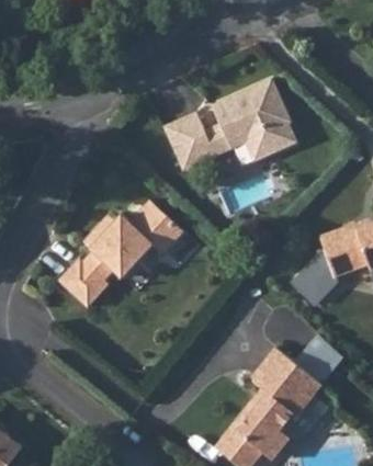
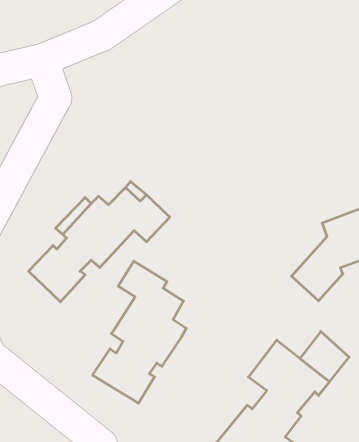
building: [163,79,296,170] -> none
building: none -> [93,261,186,403]

